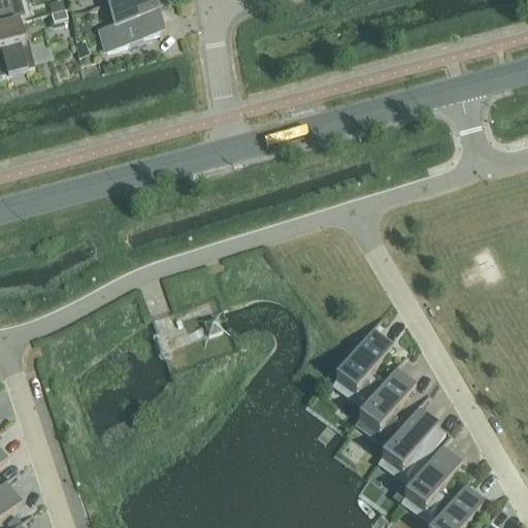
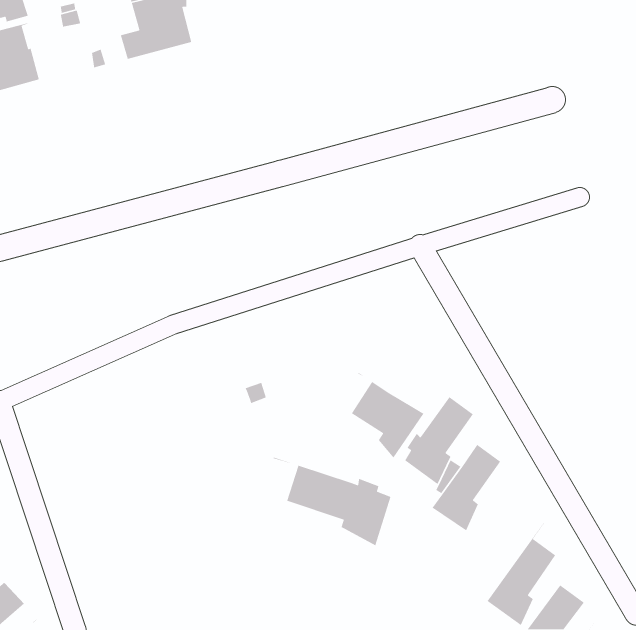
building: none -> [351,372,424,459]
building: none -> [273,456,391,547]
building: [380,392,442,478] -> none

